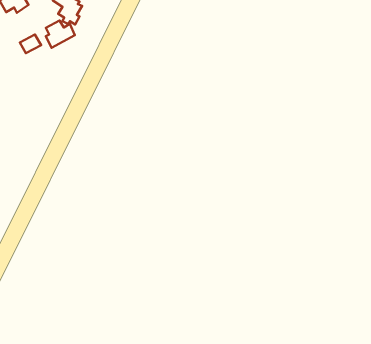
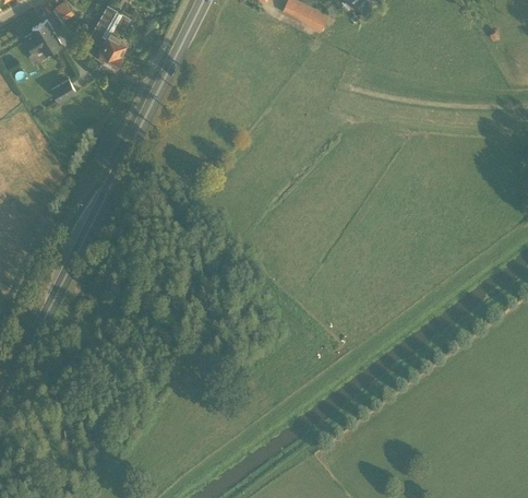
building: [46,20,75,48] -> none

